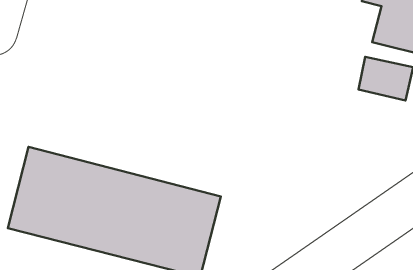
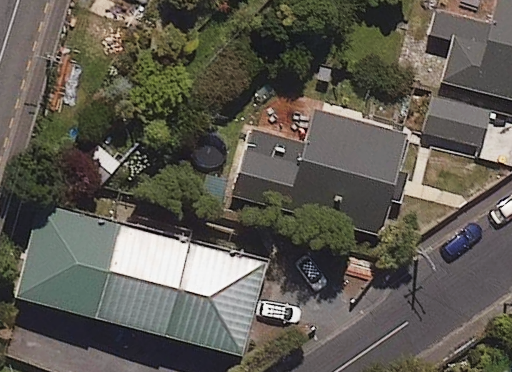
building: none -> [231,110,406,229]

